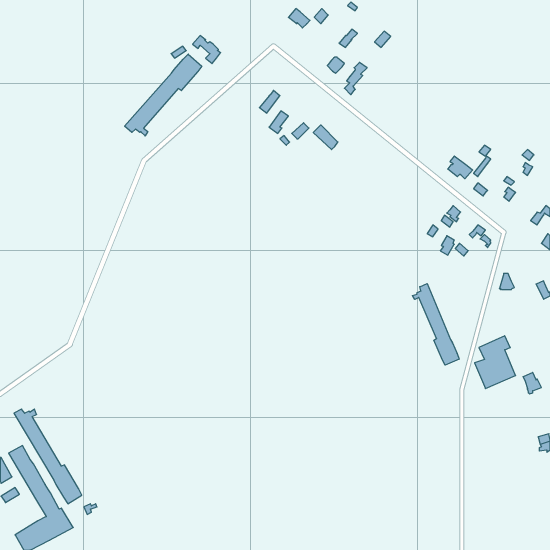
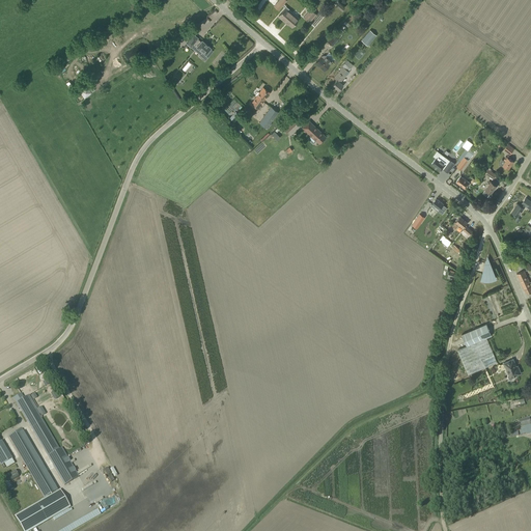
building: [125,54,202,136] -> none
building: [412,284,459,365] -> none

